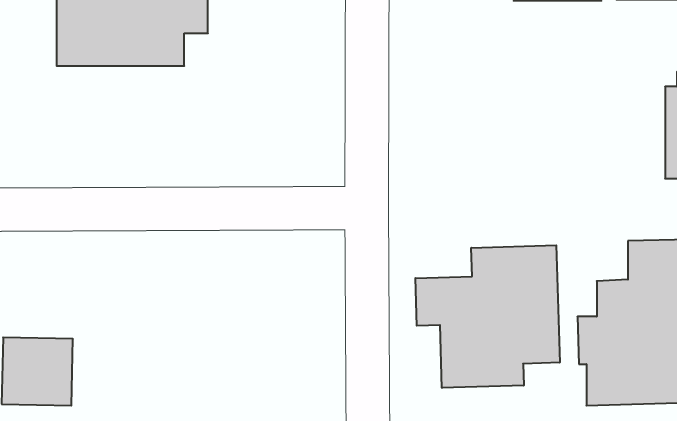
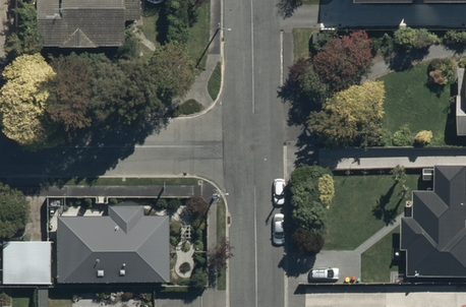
building: [415,245,560,388] -> none
building: none -> [56,201,168,280]

